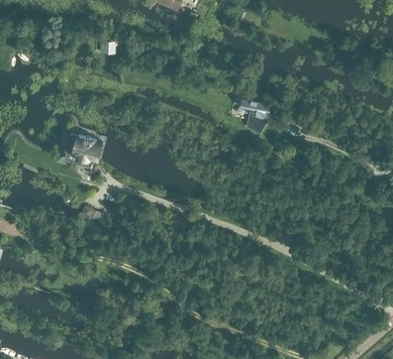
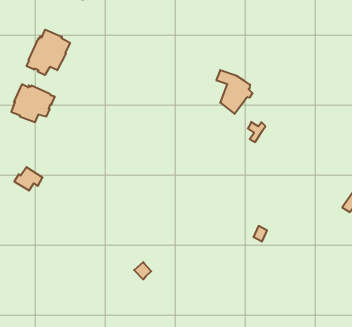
building: none -> [27,30,70,75]

